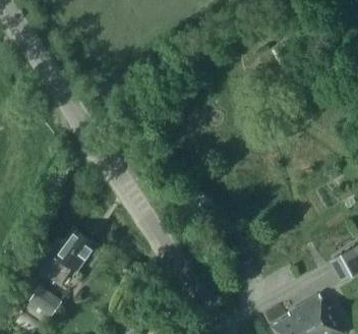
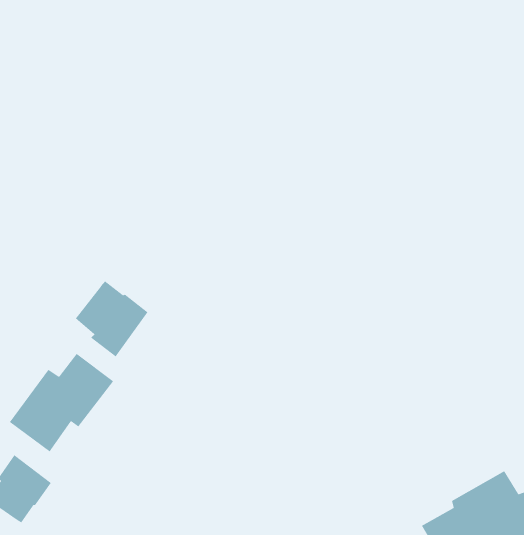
building: none -> [75,280,149,358]

